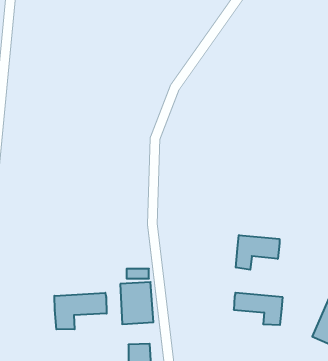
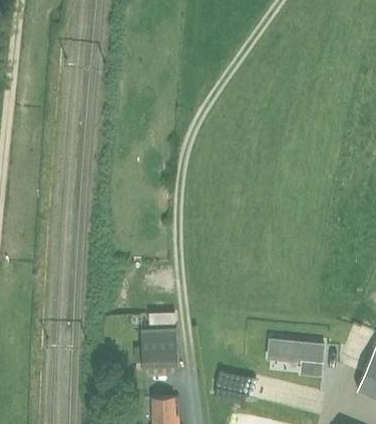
building: [236,235,280,270] -> none
building: [54,293,107,329] -> none

